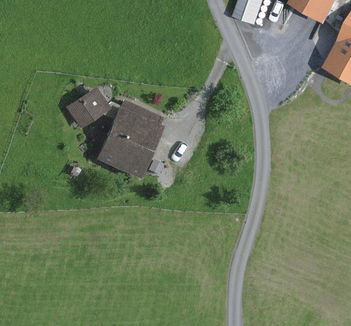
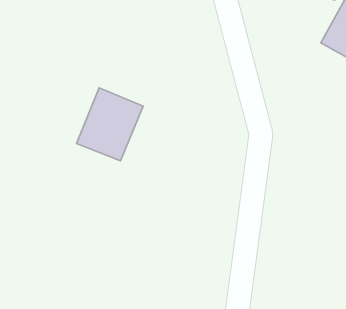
building: [77,79,120,122] -> none

